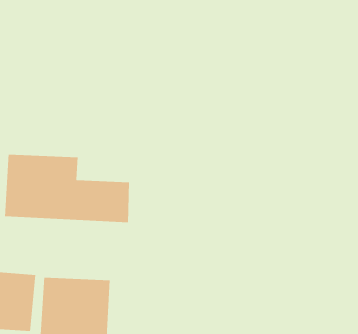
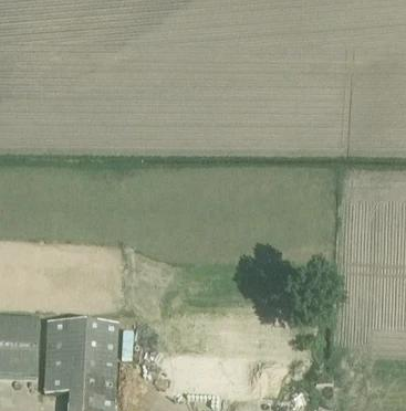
building: [5,154,130,223] -> none

